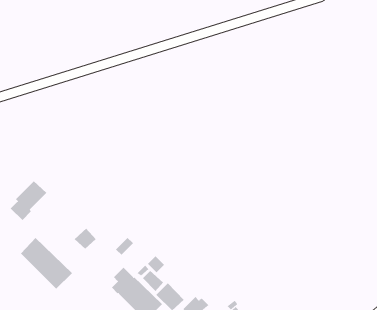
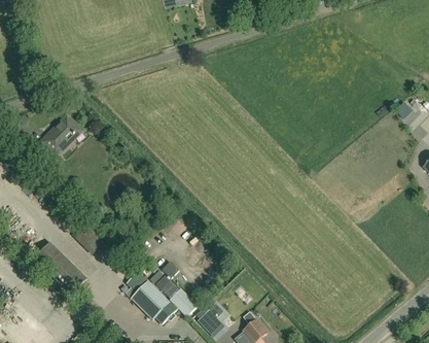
building: [10,181,47,221] -> [42,115,79,156]

